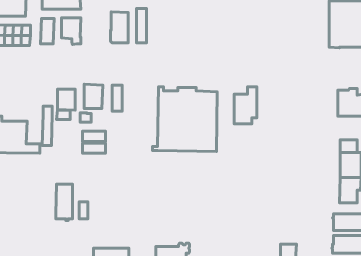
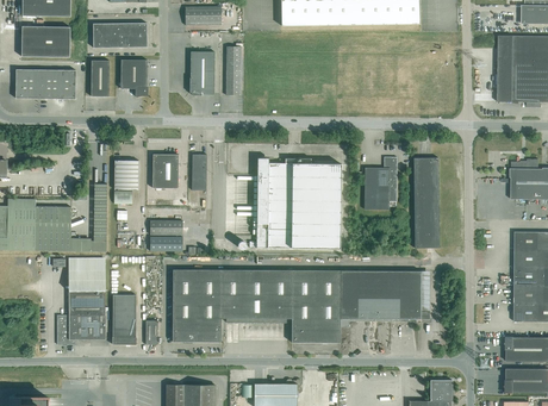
building: none -> [413,157,440,248]
building: none -> [57,260,105,344]
building: none -> [173,269,421,343]

